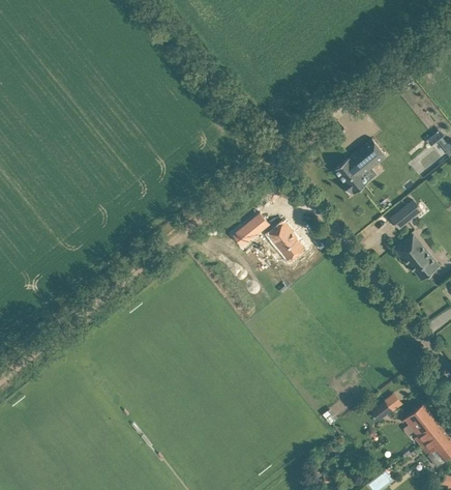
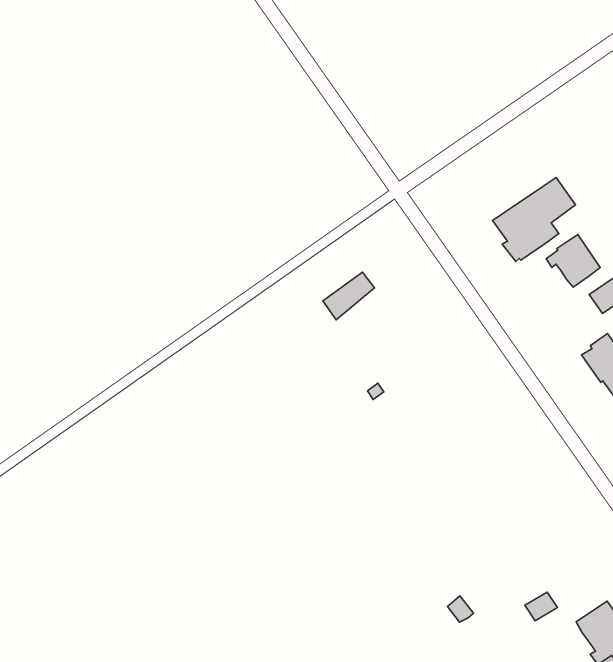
building: none -> [546,235,600,287]
building: [266,218,301,255] -> none

